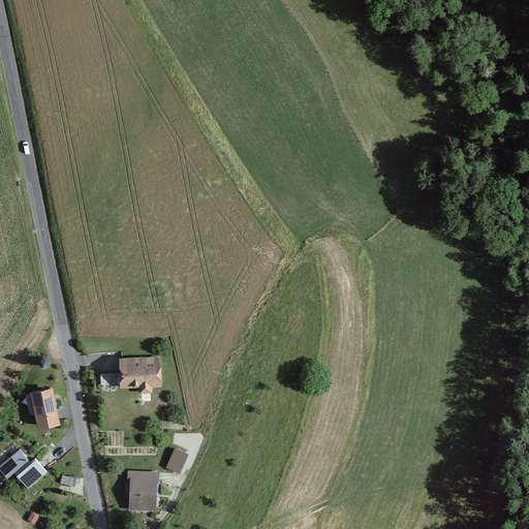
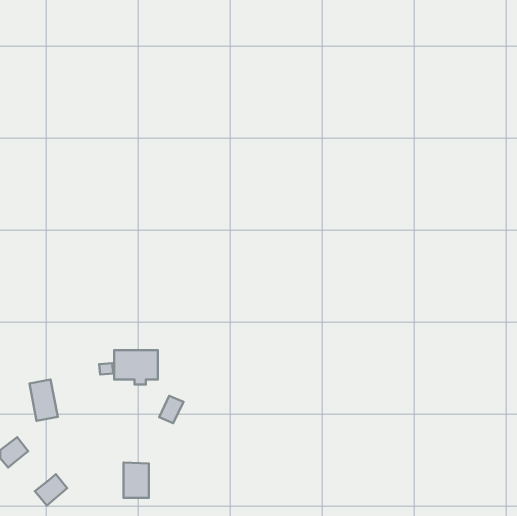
building: [163,446,188,474] -> [159,396,183,423]
building: [14,455,48,487] -> [35,474,67,505]

